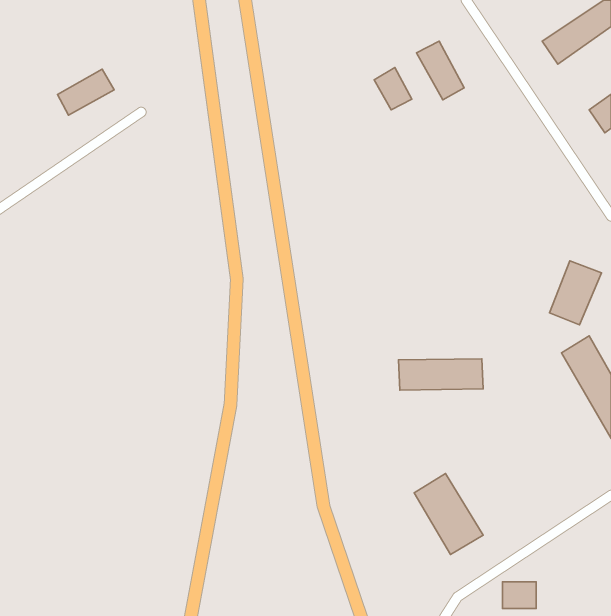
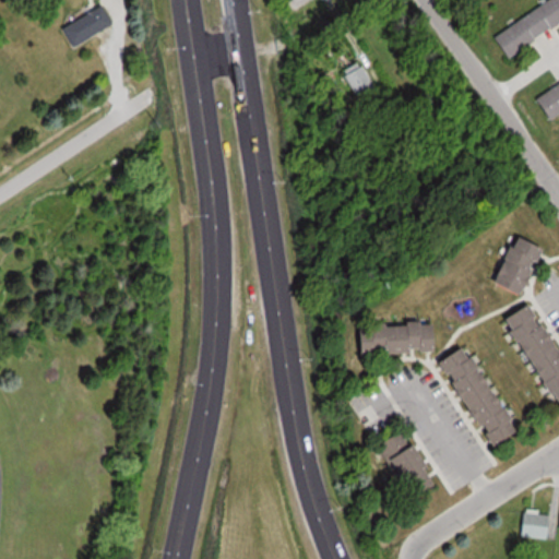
building: [417,41,464,100] -> none
building: [58,69,114,115] -> [60,7,111,48]
building: none -> [442,346,521,448]
building: [502,582,536,609] -> [518,514,548,538]

